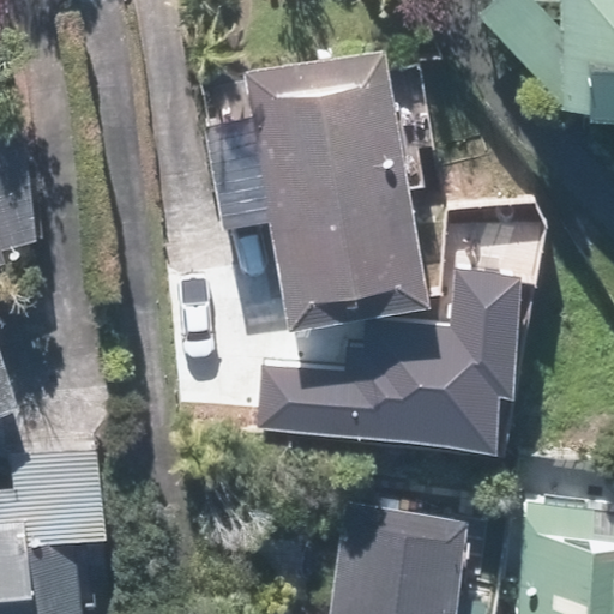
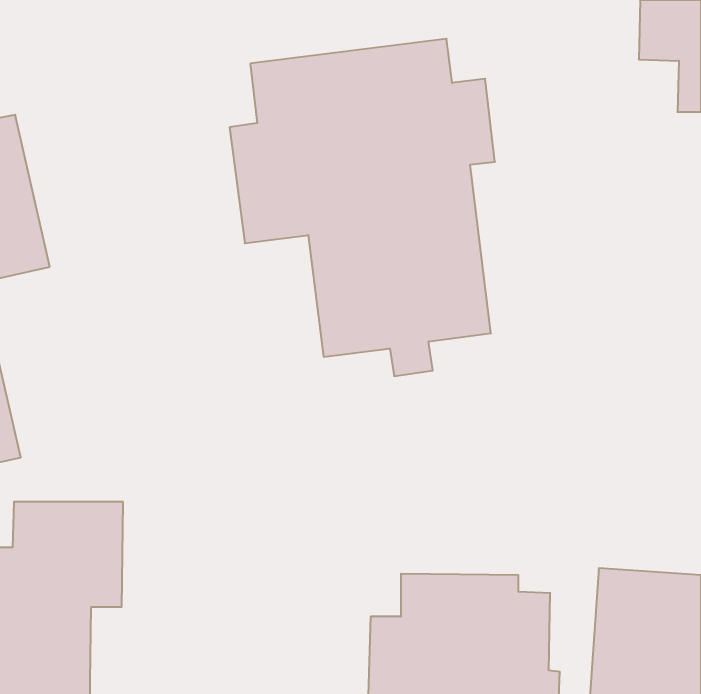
building: [251,288,522,464] -> none

